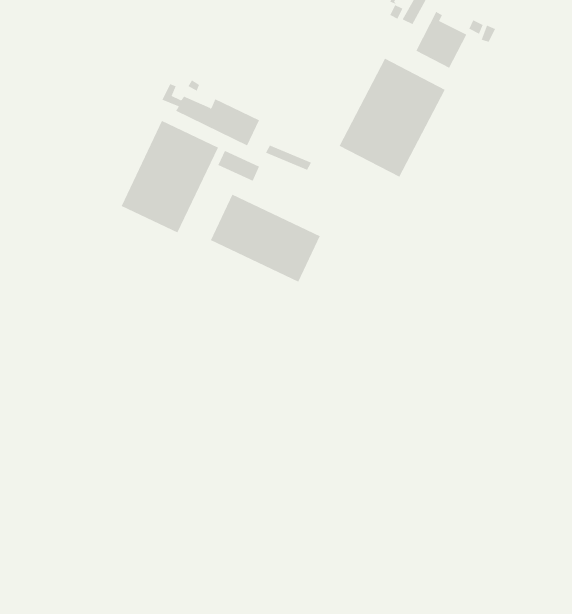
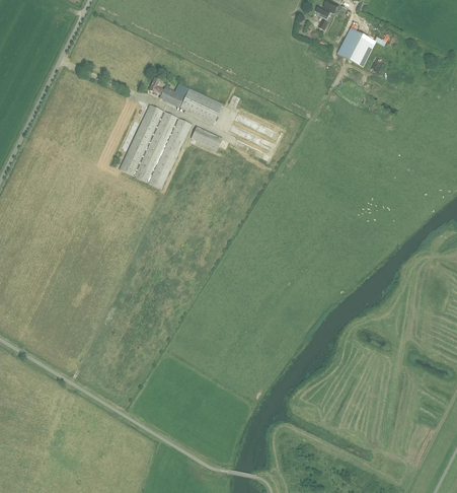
building: [339,58,445,178] -> none
building: [210,194,321,282] -> none

